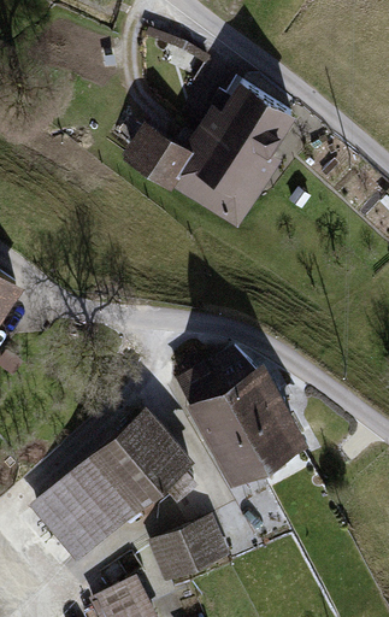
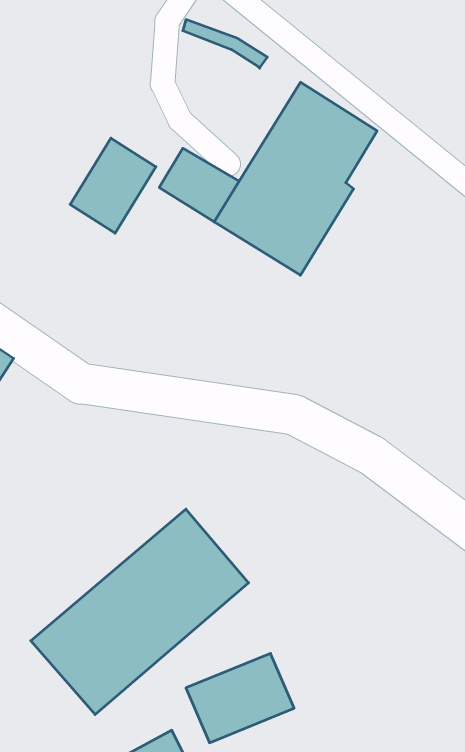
building: none -> [70,138,156,233]
building: [177,345,312,488] -> none

